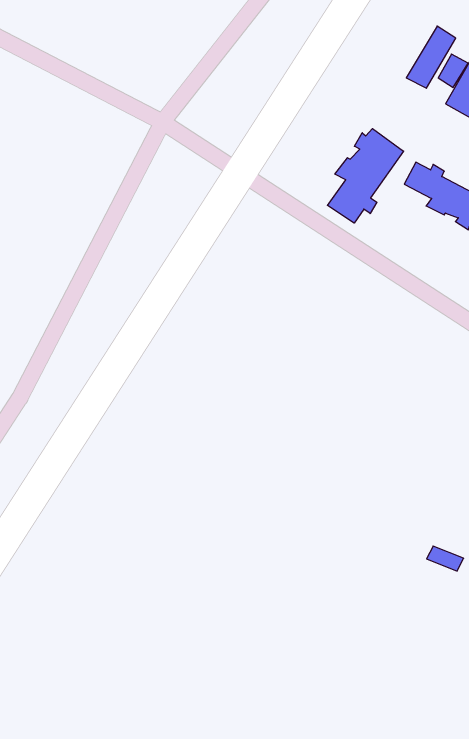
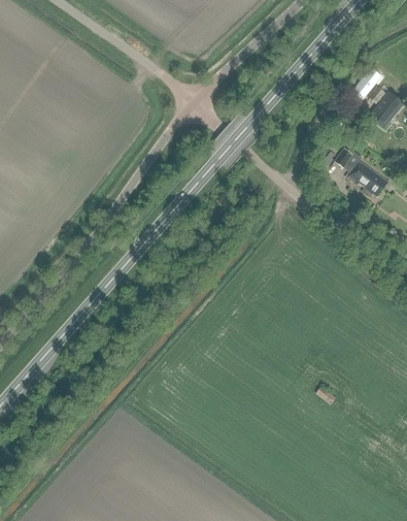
building: [327,129,404,223] -> none

